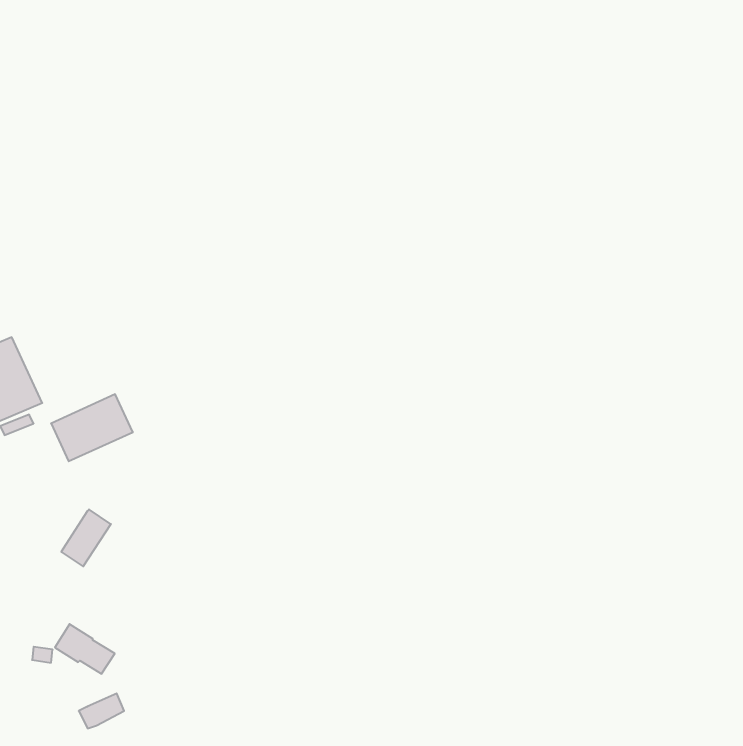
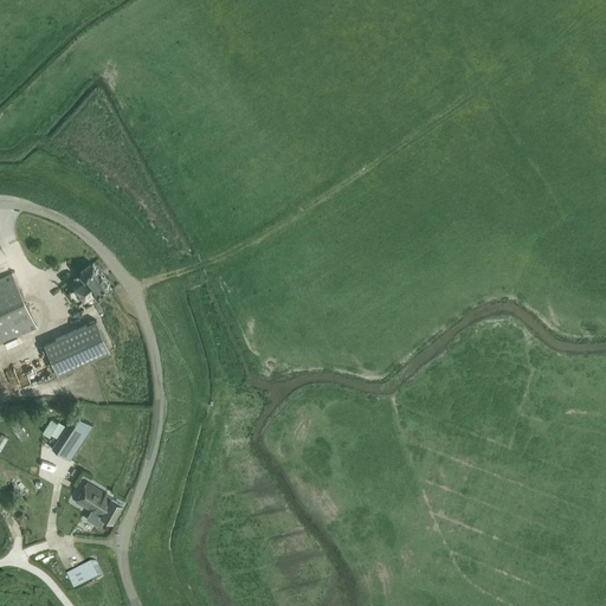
building: none -> [72,263,109,298]
building: [55,624,115,674] -> [72,482,121,522]

